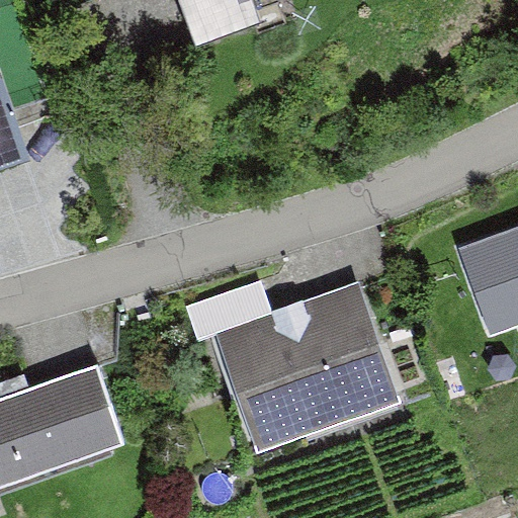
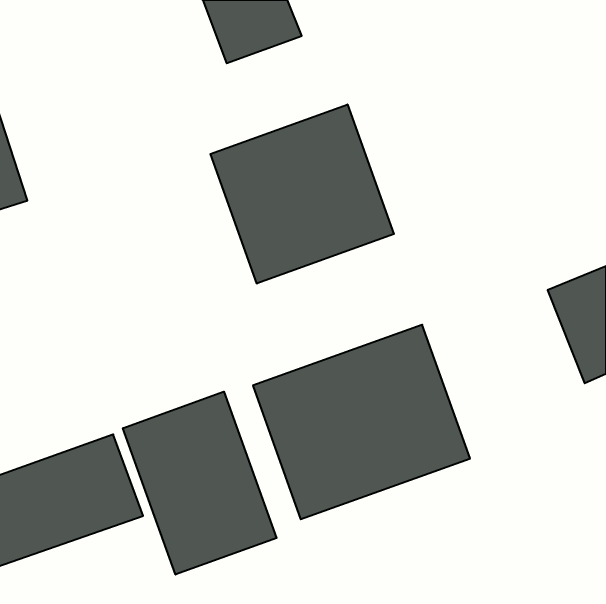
building: none -> [210,104,394,284]
building: none -> [123,392,277,575]

